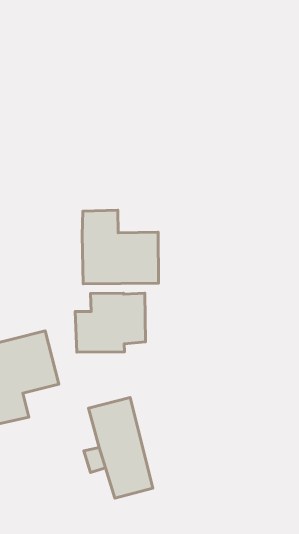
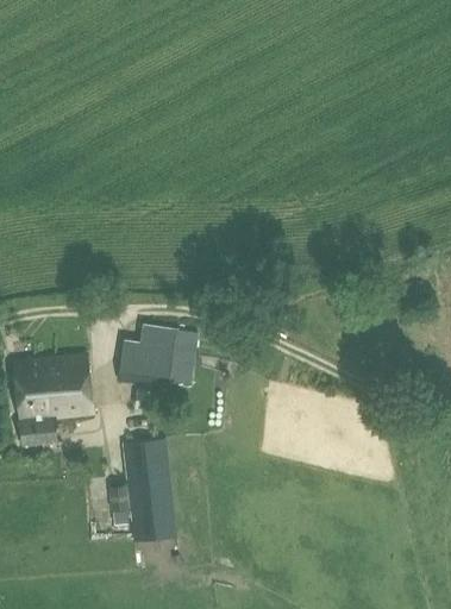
building: [82,210,159,284] -> none

